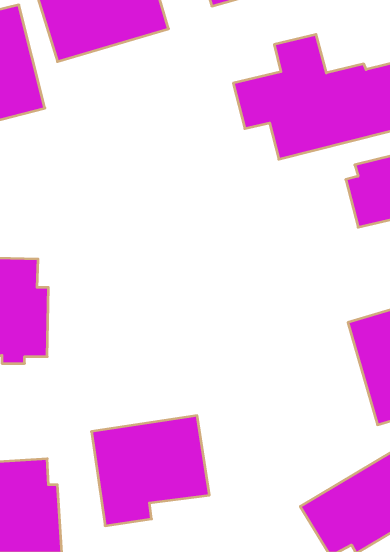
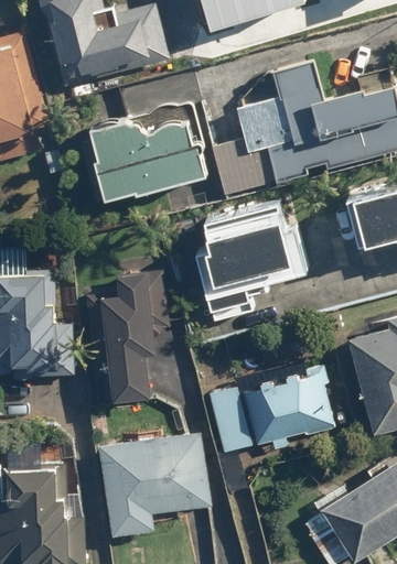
building: none -> [84,118,202,200]
building: none -> [191,196,314,324]
building: none -> [88,273,152,402]
building: none -> [210,371,335,453]

